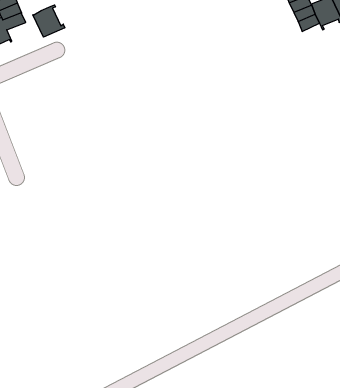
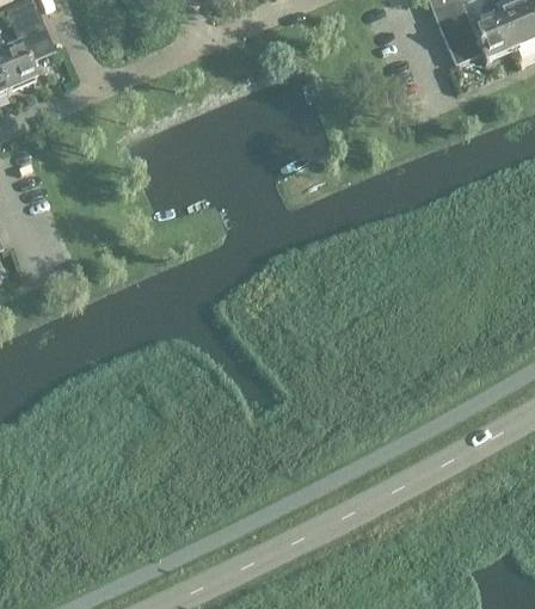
building: [33,5,65,37] -> none

